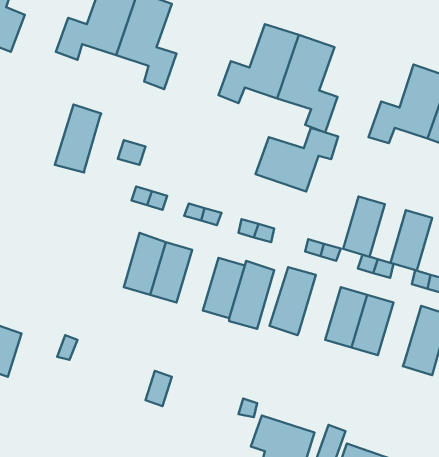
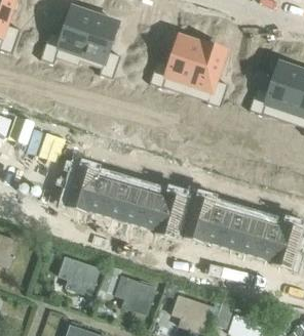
building: [55,104,101,172] -> [67,166,98,211]
building: [256,128,338,191] -> none
building: [343,196,385,257] -> [202,205,230,245]
building: [390,210,432,271] -> [255,220,282,260]
building: none -> [121,185,149,225]
building: none -> [58,256,101,297]
building: none -> [114,276,156,316]

